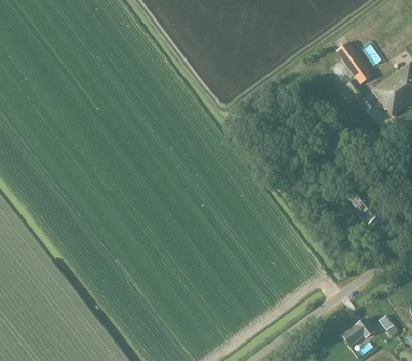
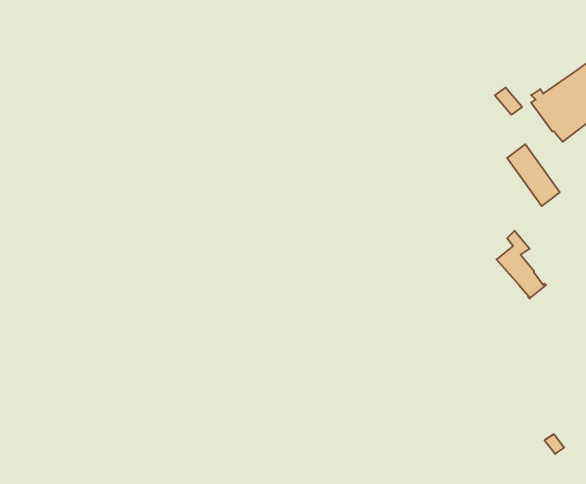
building: [336,43,372,85] -> [507,144,560,206]
building: [341,319,374,347] -> none

